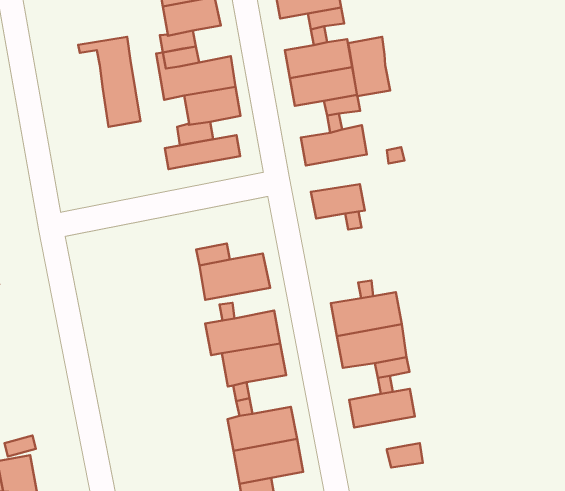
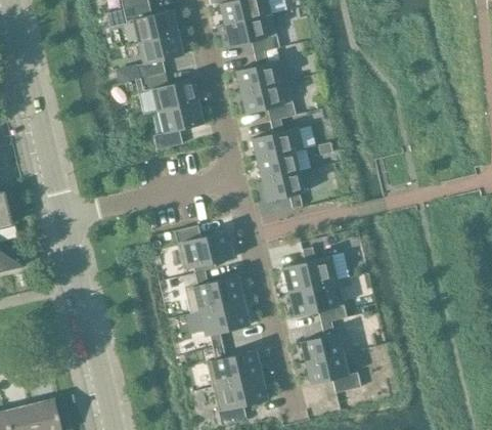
building: [78,37,141,127] -> none
building: [348,37,390,96] -> none
building: [165,135,240,169] -> none
building: none -> [256,152,299,181]
building: none -> [305,354,348,385]

